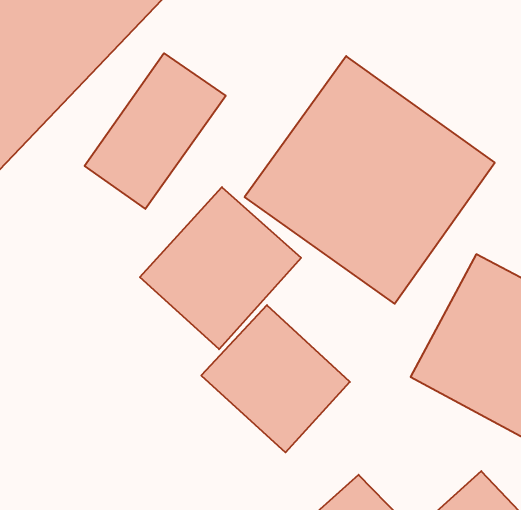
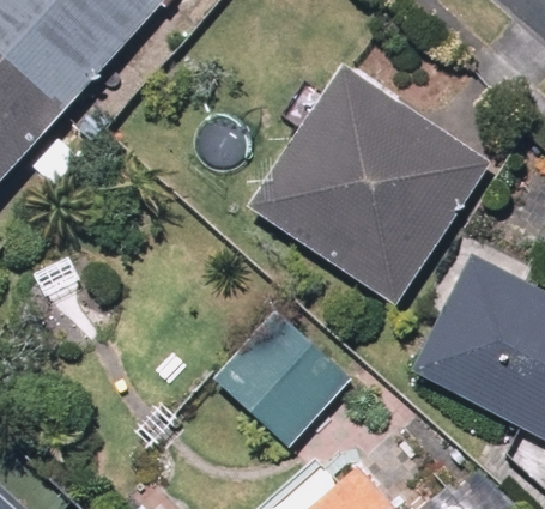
building: [85,53,226,209] -> none
building: [140,187,301,349] -> none

